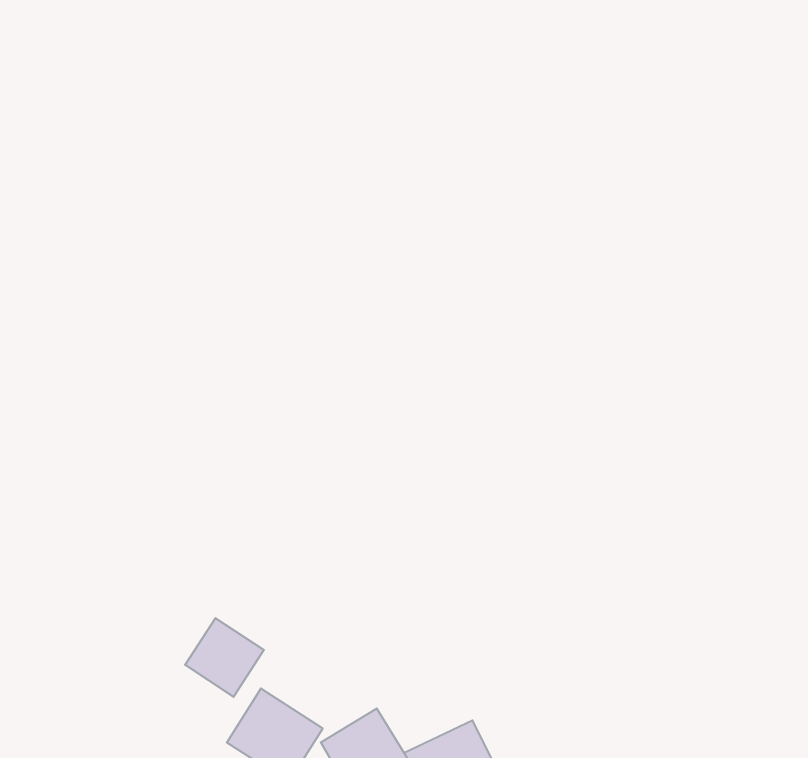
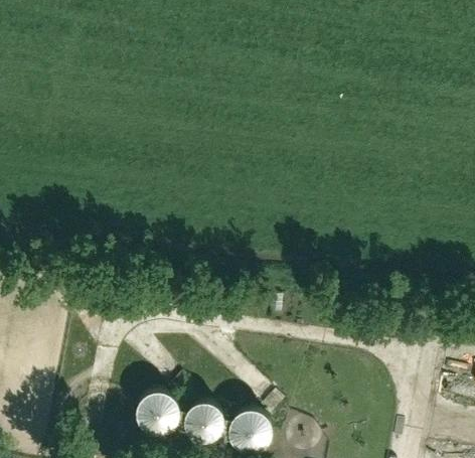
building: [185,618,264,697] -> none

